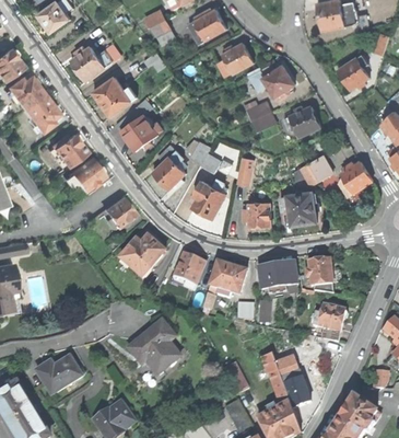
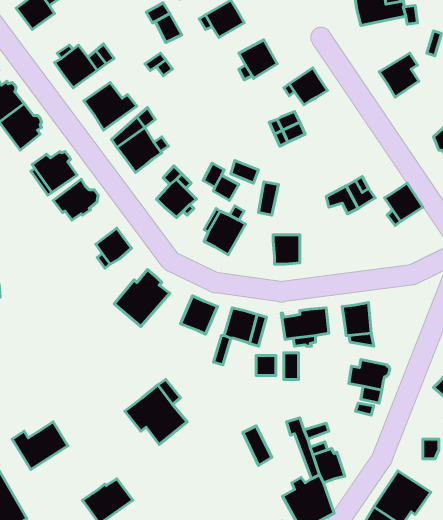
building: [285,103,321,135] -> none
building: [282,191,319,223] -> none
building: [224,399,253,433] -> none

